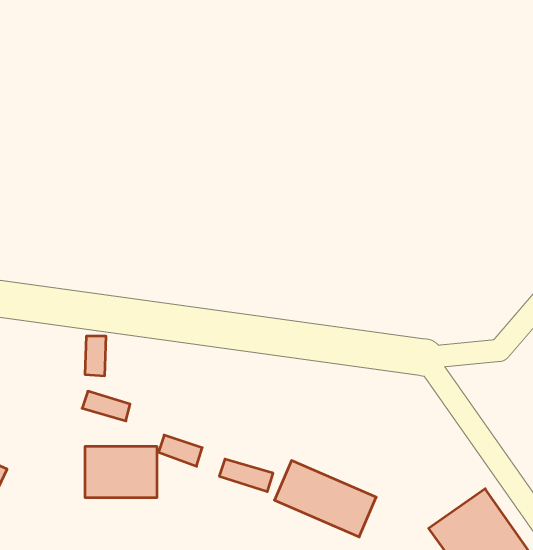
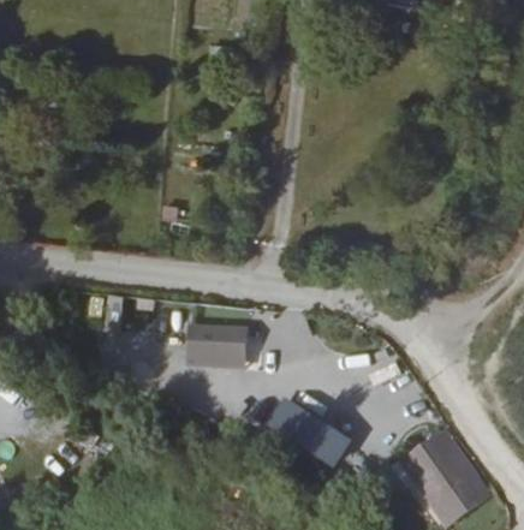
building: [85,447,157,497] -> [185,323,246,367]

